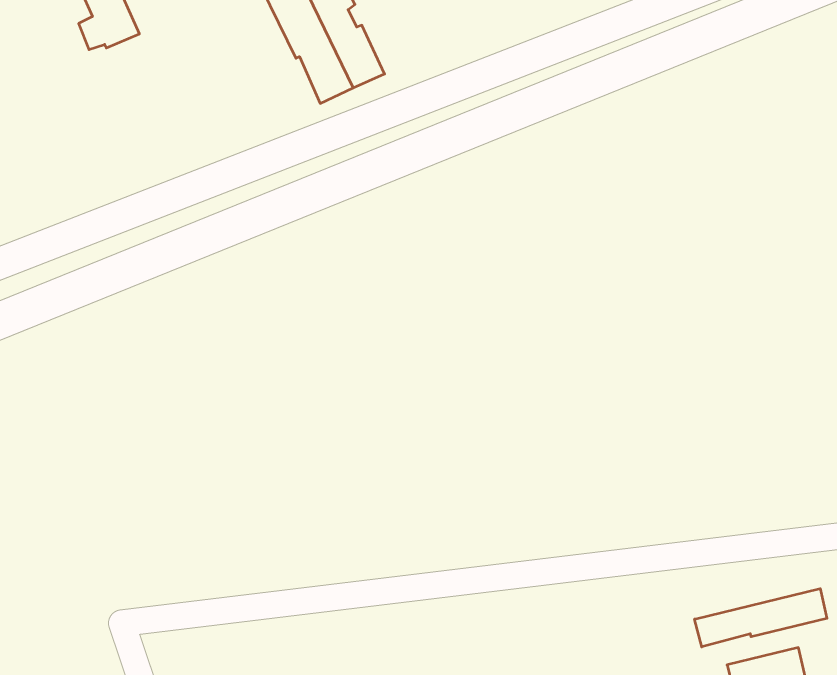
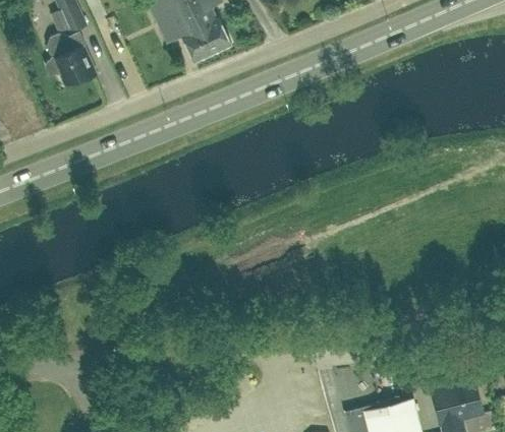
building: none -> [46,33,95,85]
building: [695,589,827,647] -> none

